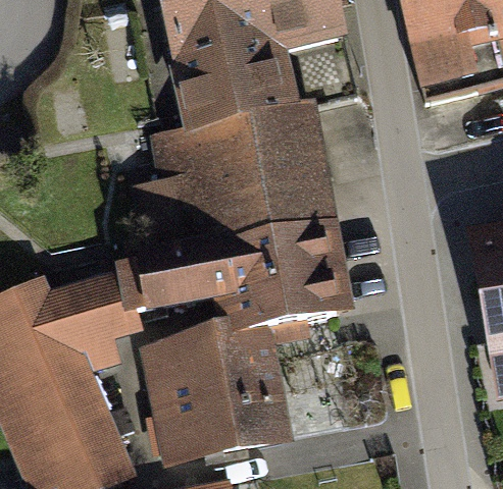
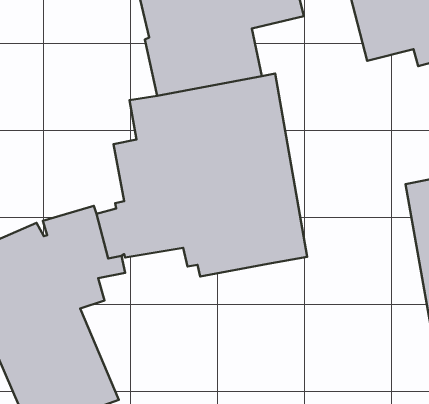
building: [141,320,311,468] -> none

